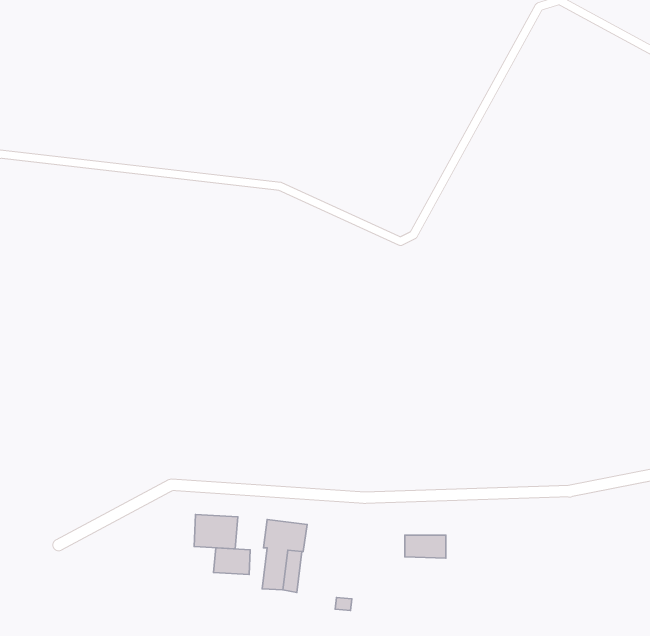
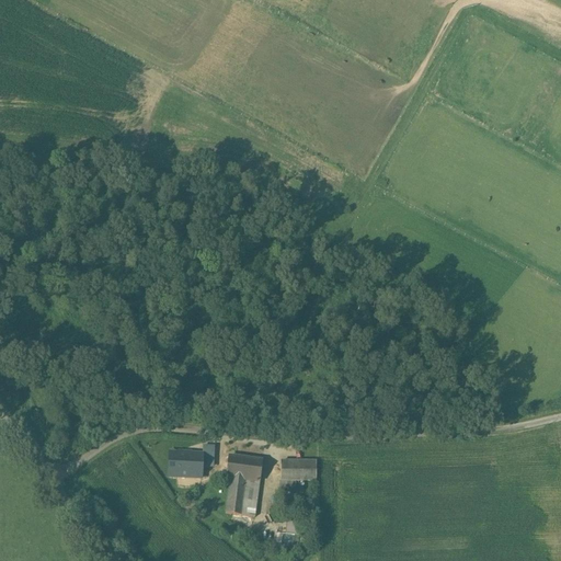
building: [405,535,446,558] -> [282,459,317,479]
building: [214,548,250,575] -> none

